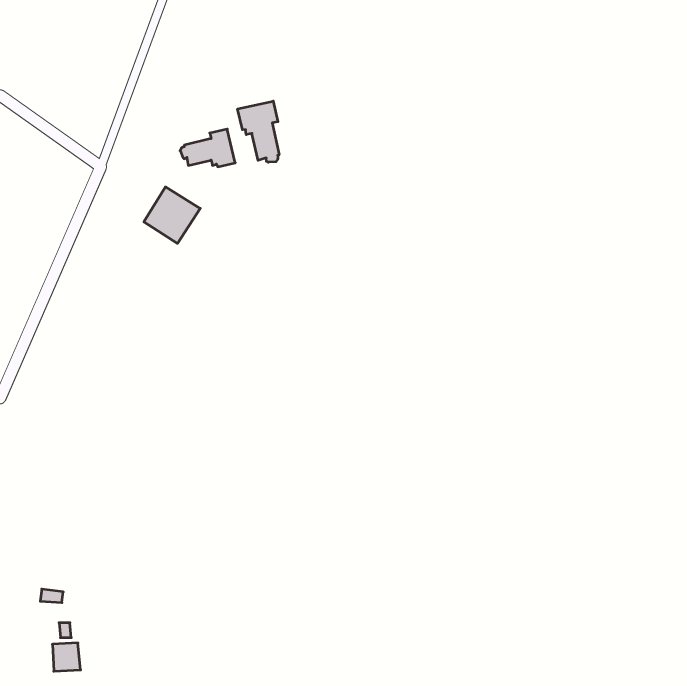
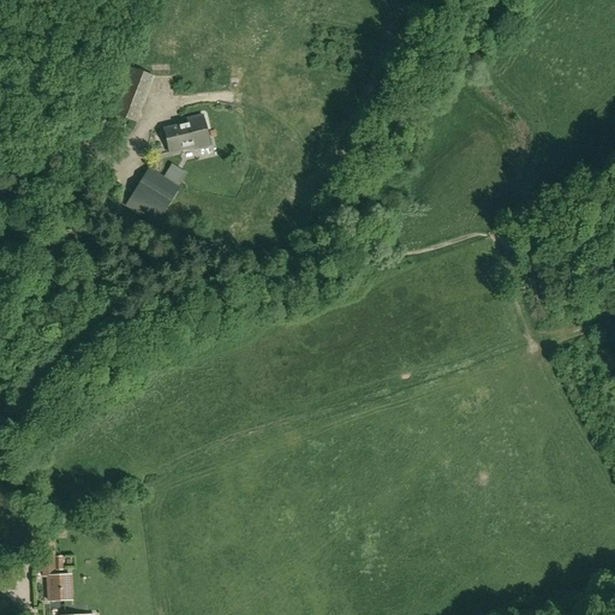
building: none -> [114,68,154,121]
building: [238,101,279,162] -> none

